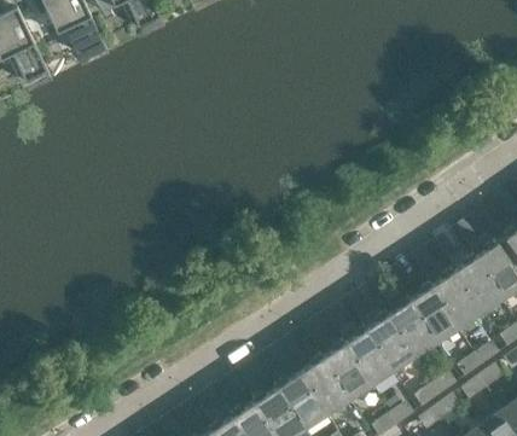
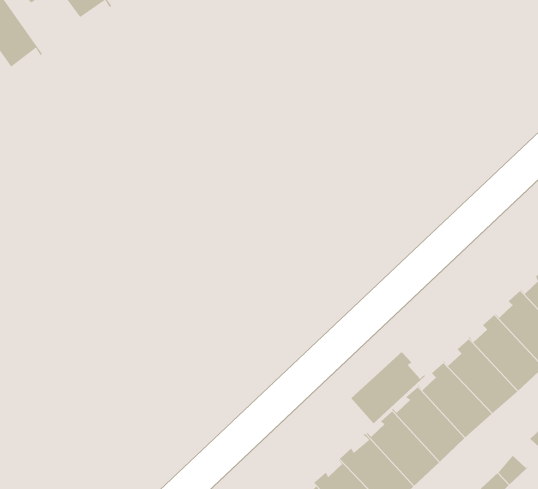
building: none -> [350,350,426,424]

